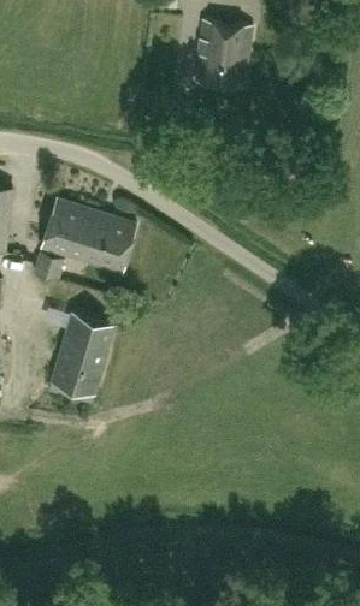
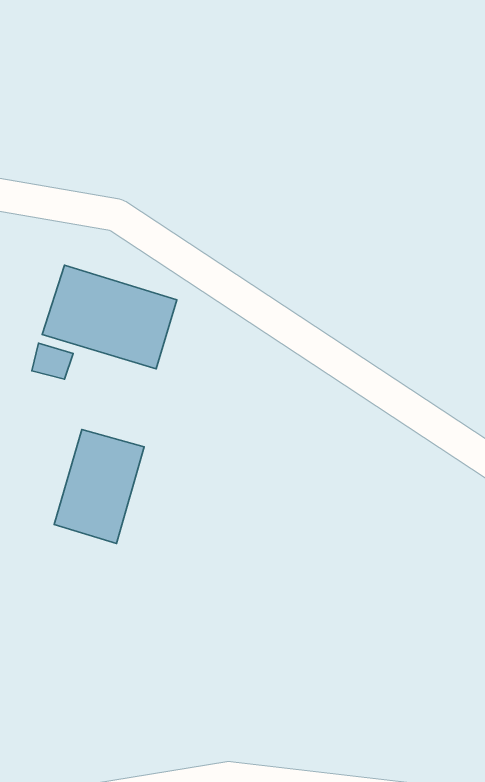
building: [194,19,252,88] -> none

